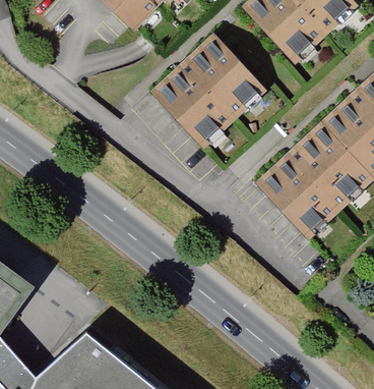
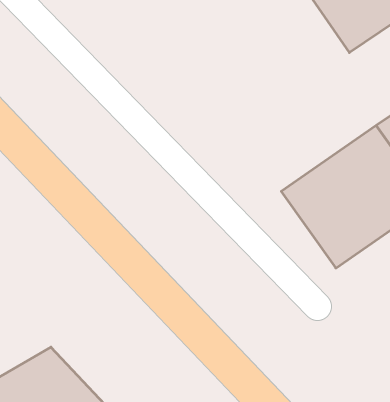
building: [152,40,262,149] -> none

